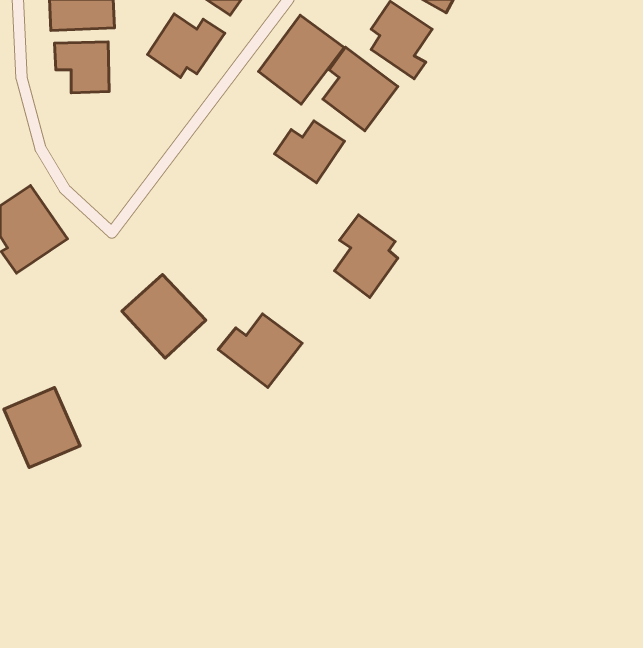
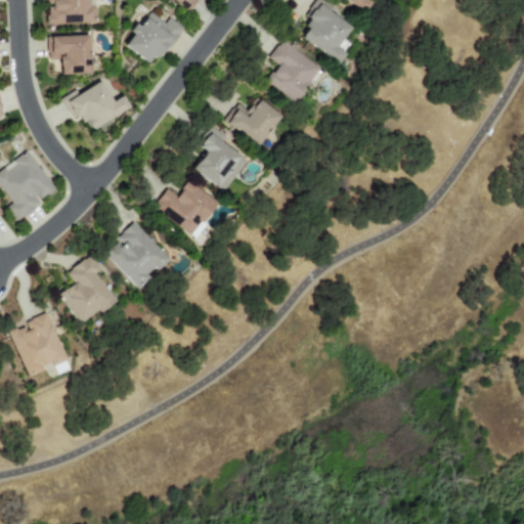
building: [258,15,344,104] -> none
building: none -> [62,79,132,129]
building: [334,215,398,298] -> [195,126,247,192]
building: [218,314,302,388] -> [154,178,221,237]
building: none -> [59,254,118,326]

